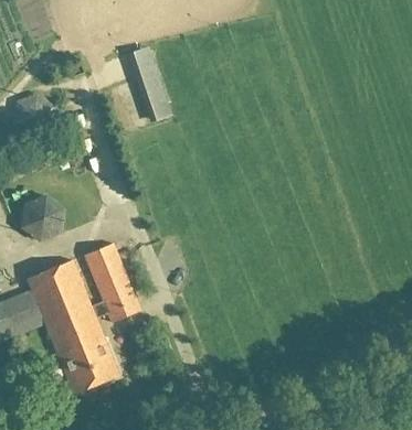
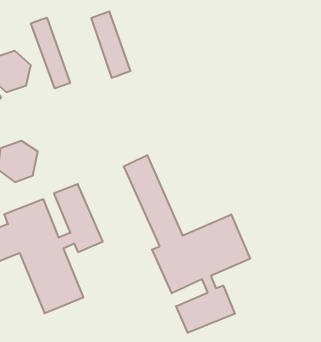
building: none -> [31,18,70,88]
building: none -> [124,155,250,333]

